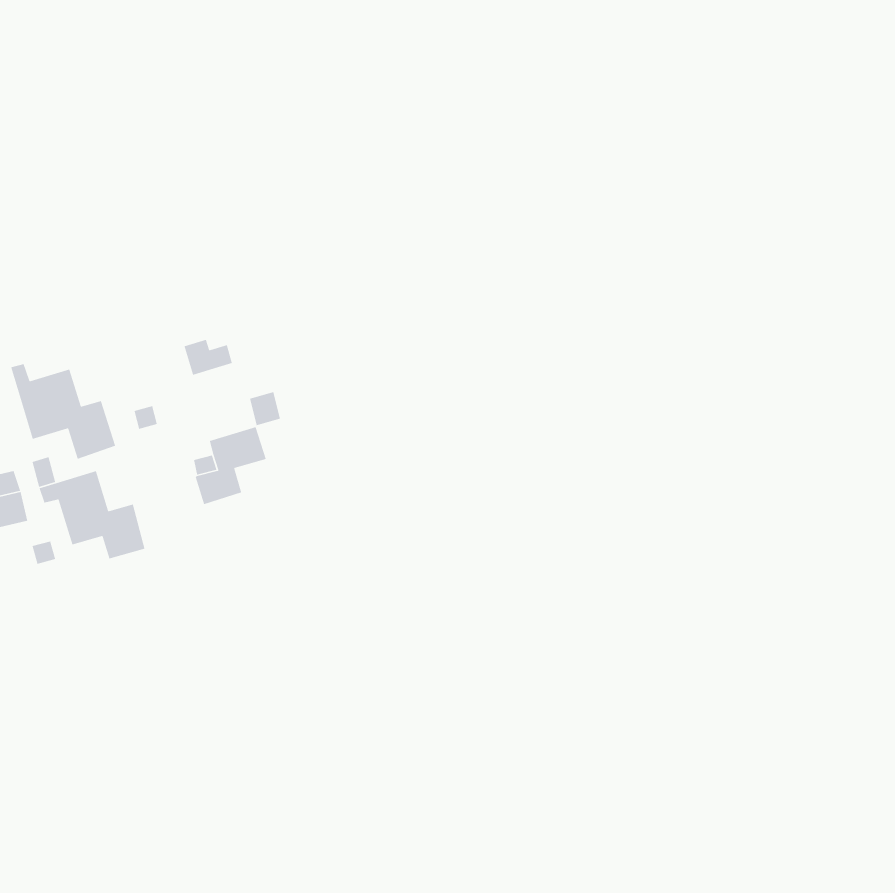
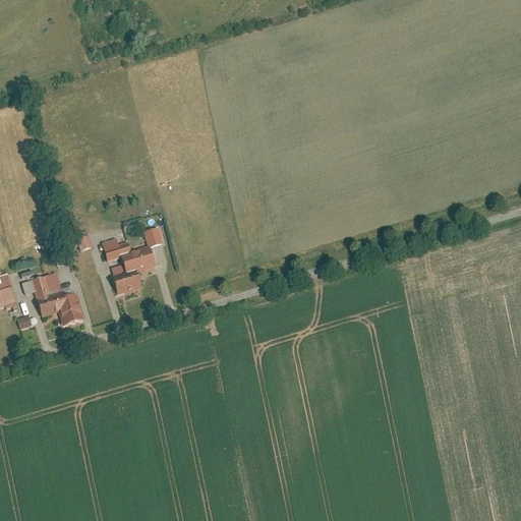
building: [184,339,233,376] -> [103,238,131,259]
building: [10,363,116,460] -> none

